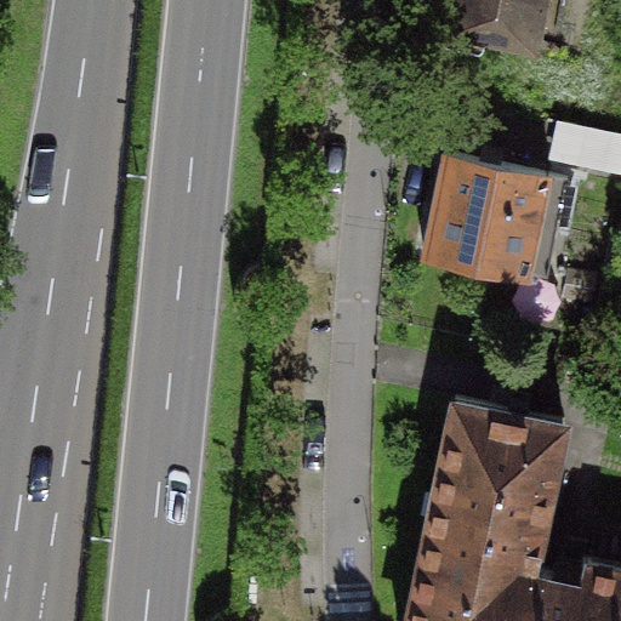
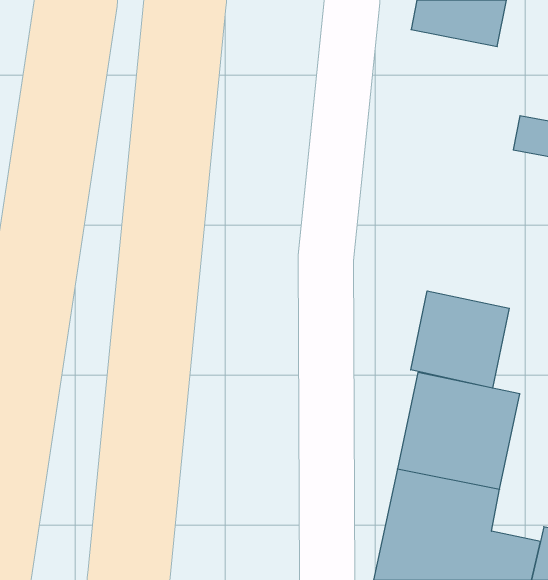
building: [427,159,568,272] -> none
building: none -> [411,291,509,388]

